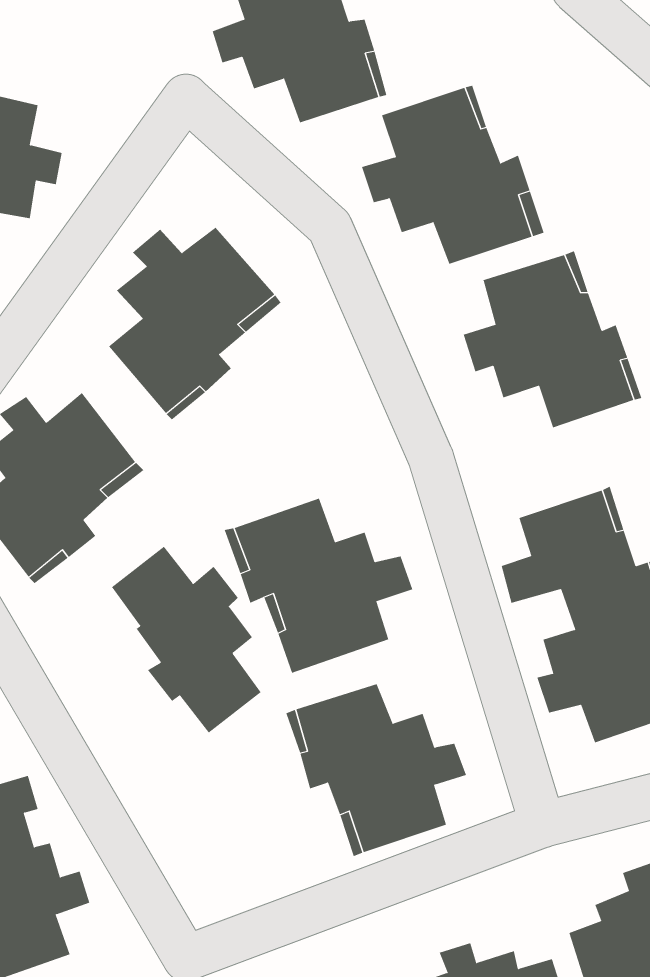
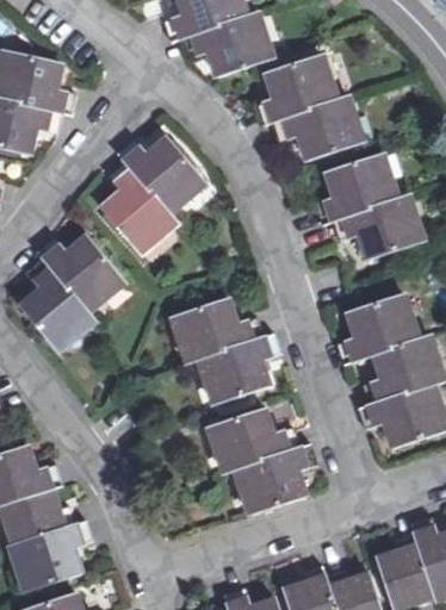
building: [111,546,262,734] -> none

